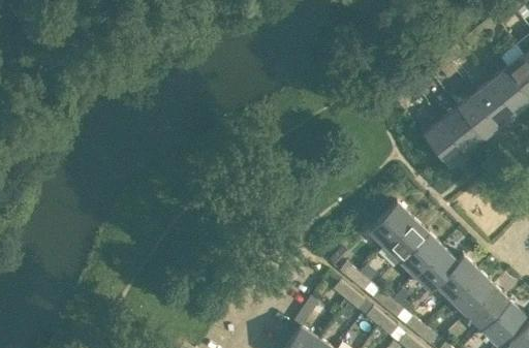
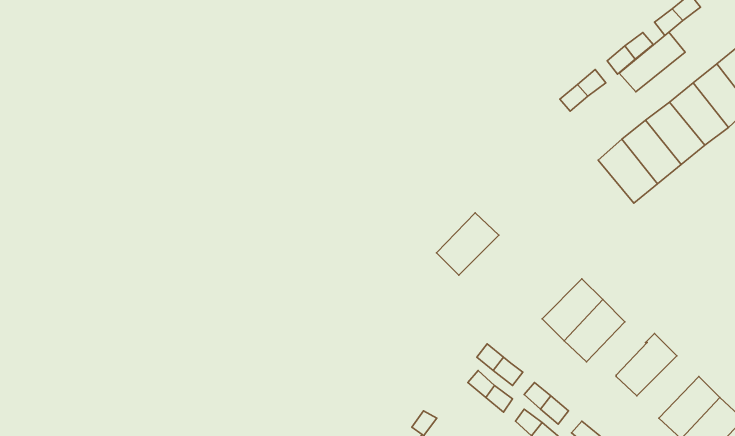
building: none -> [619,32,685,92]
building: [369,202,412,246] -> [437,213,499,275]
building: [415,248,458,291] -> none
building: [450,272,494,315] -> none

